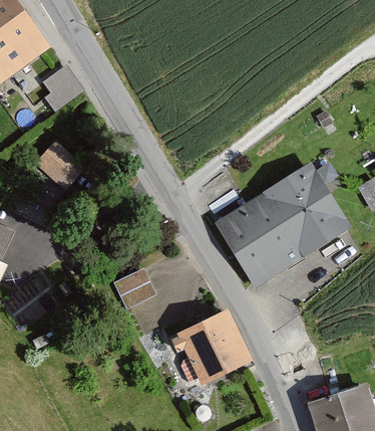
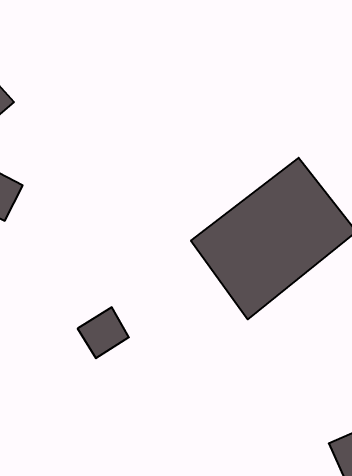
building: [175,309,249,385] -> none

